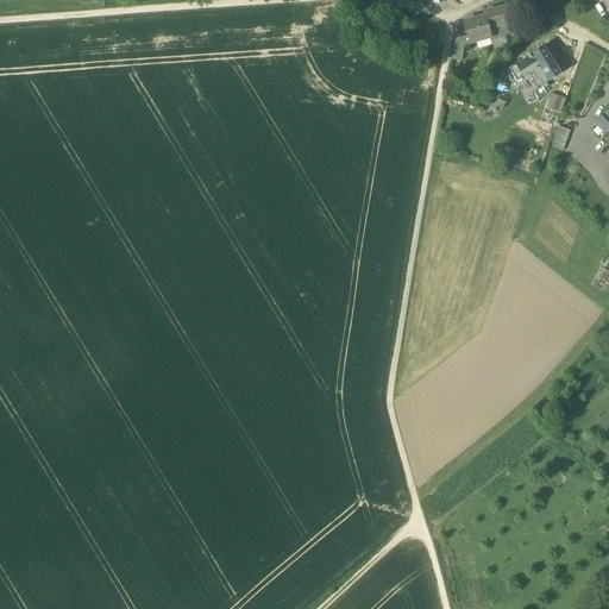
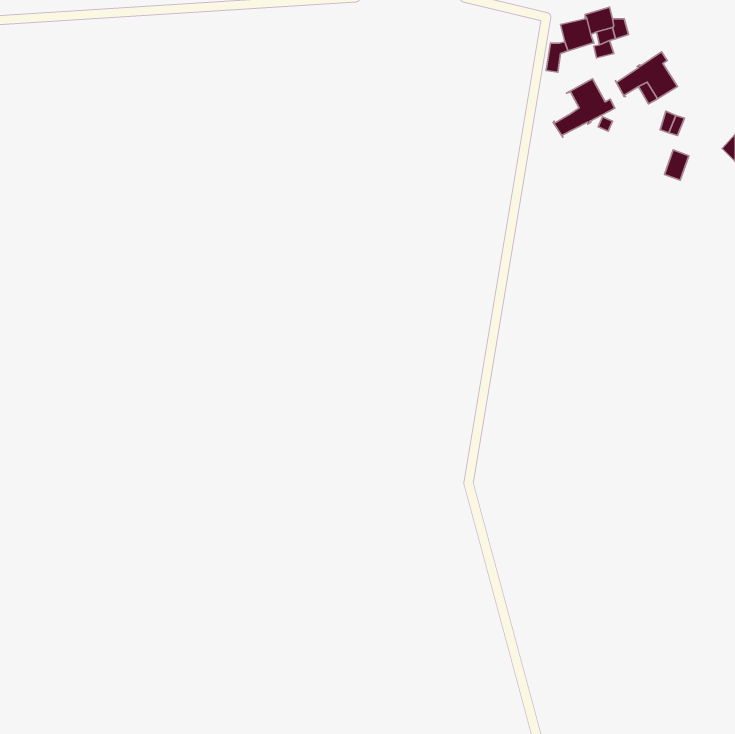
building: none -> [553,79,615,137]

